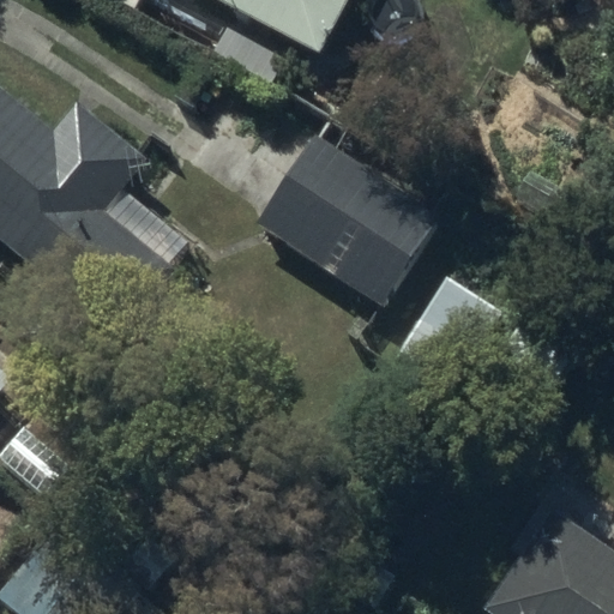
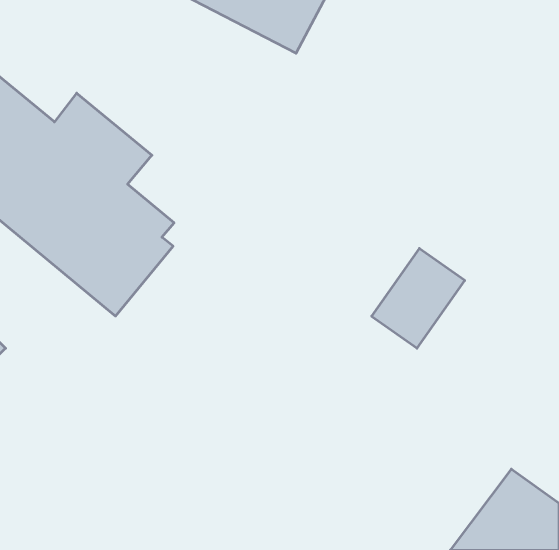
building: [253,126,440,305] -> none

